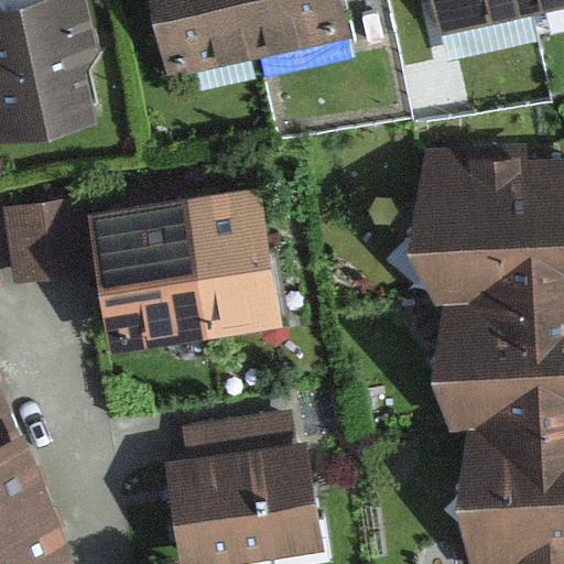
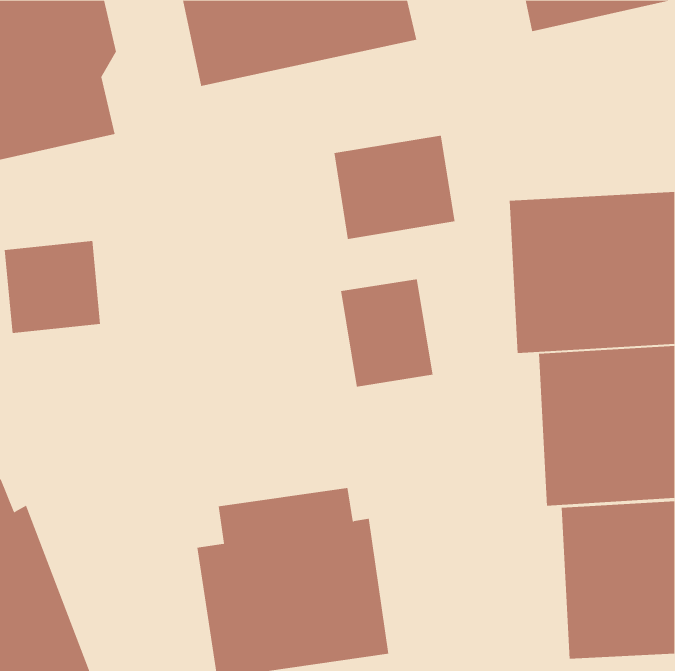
building: none -> [334,135,455,240]
building: [90,185,279,349] -> none
building: none -> [340,278,433,387]

